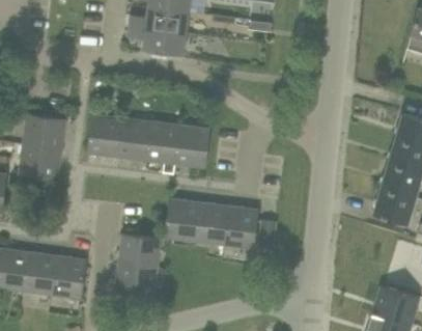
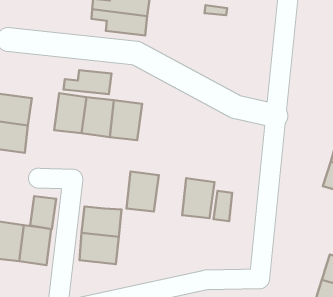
building: none -> [64,70,111,94]
building: [176,126,210,168] -> none
building: [194,201,228,244] -> none
building: none -> [30,196,56,229]

